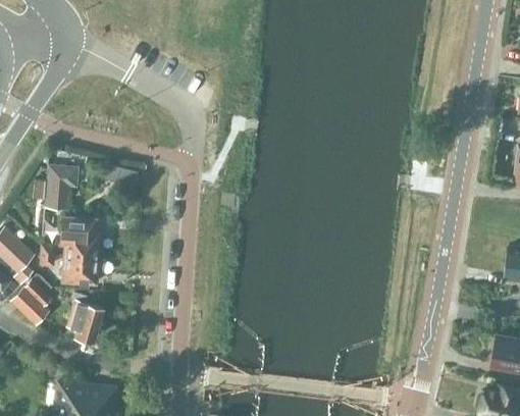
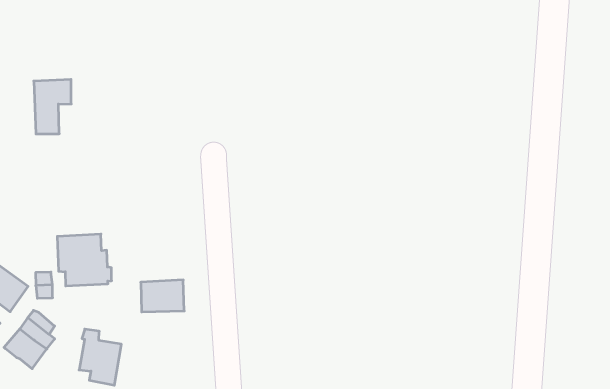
building: [46,166,79,210] -> [34,79,71,134]
building: [62,258,98,284] -> [141,280,184,312]

